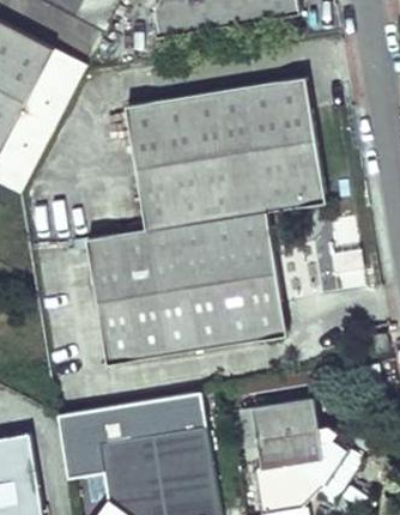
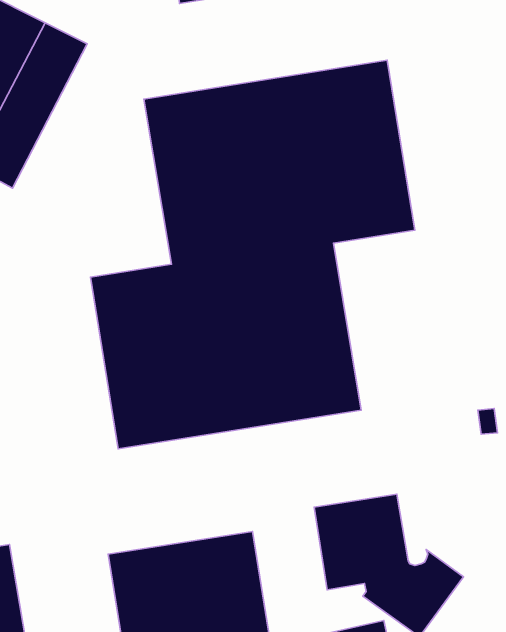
building: [57,390,206,474] -> none

